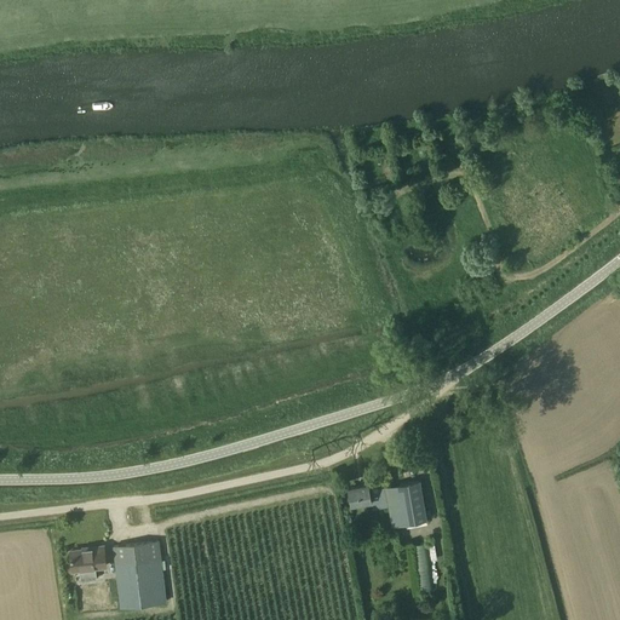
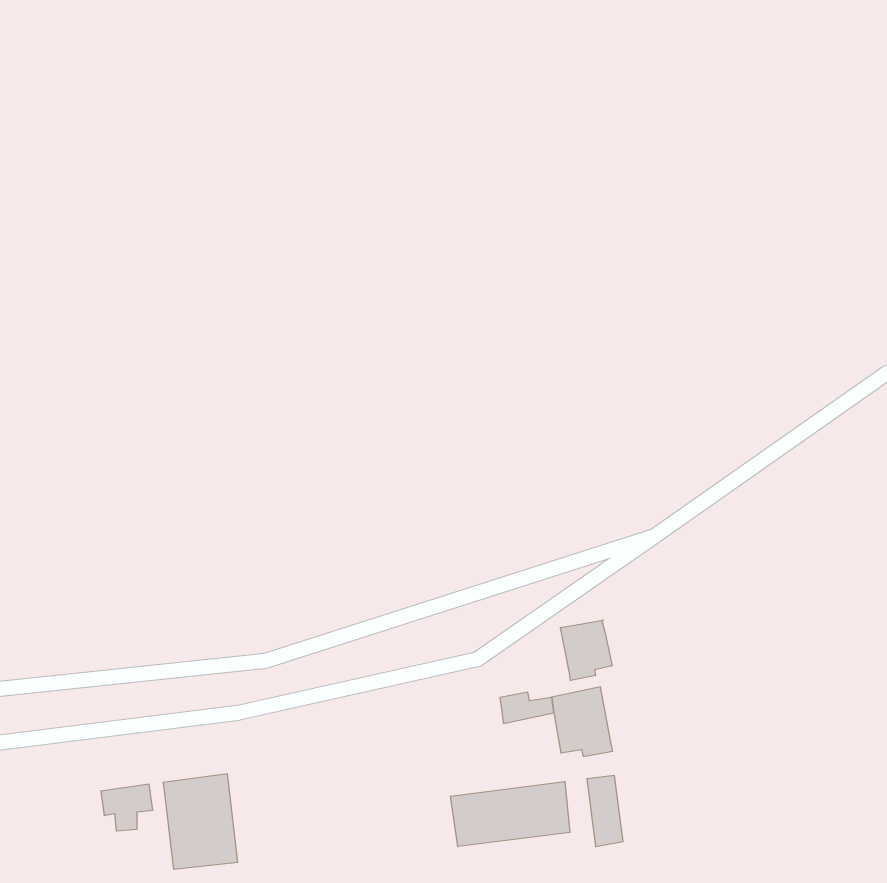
building: none -> [560,620,612,681]
building: none -> [451,781,570,847]

